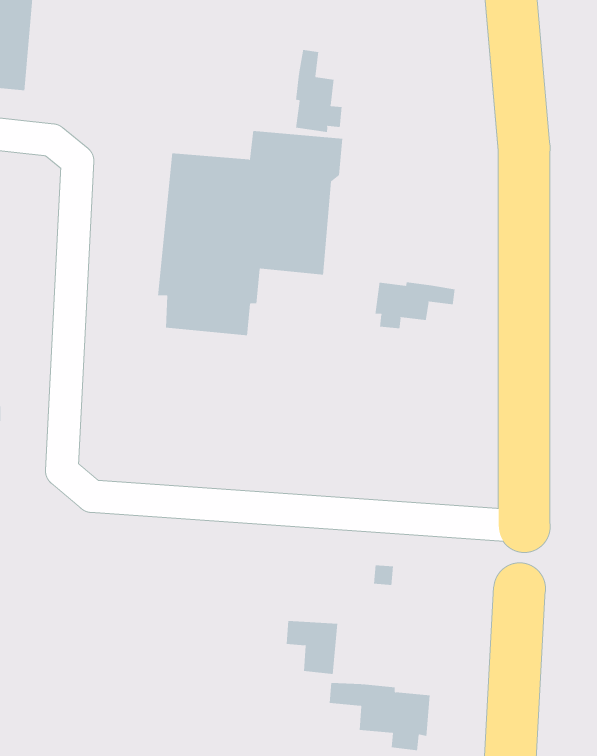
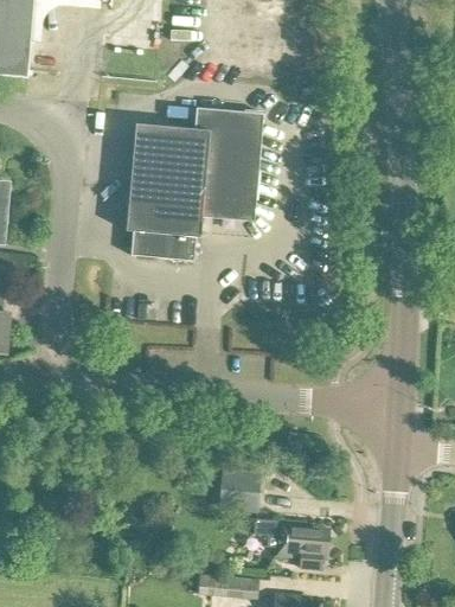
building: [295,49,342,133] -> none
building: [375,282,455,329] -> none

